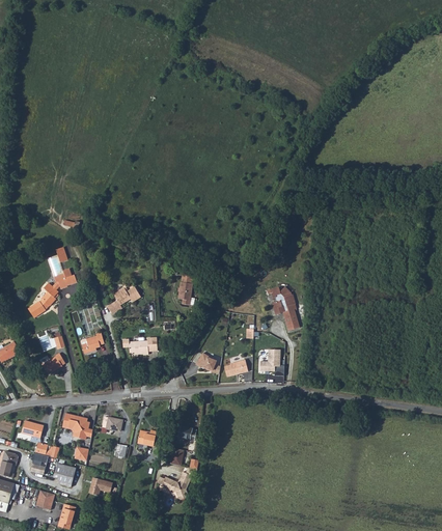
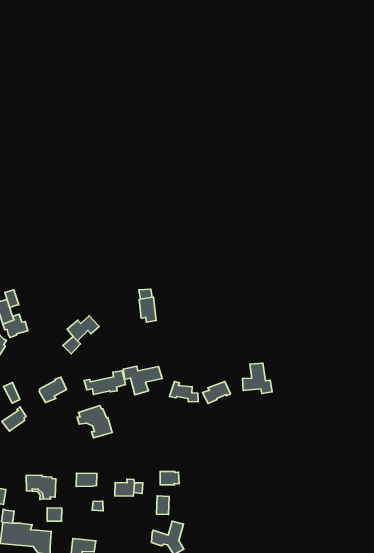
building: [269,285,298,332] -> none
building: none -> [123,366,162,395]
building: none -> [77,406,112,438]

